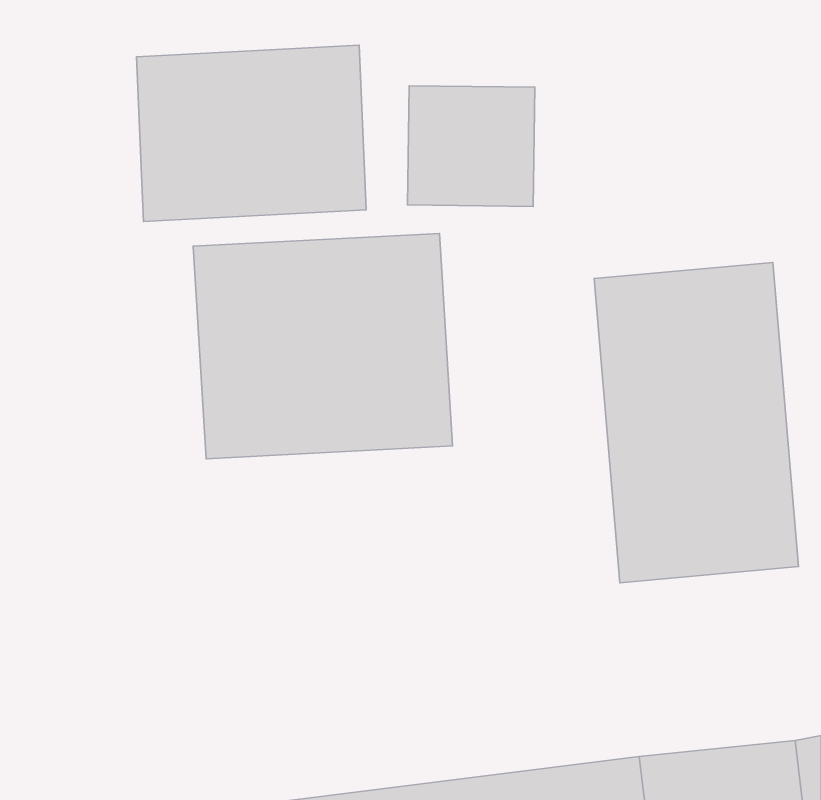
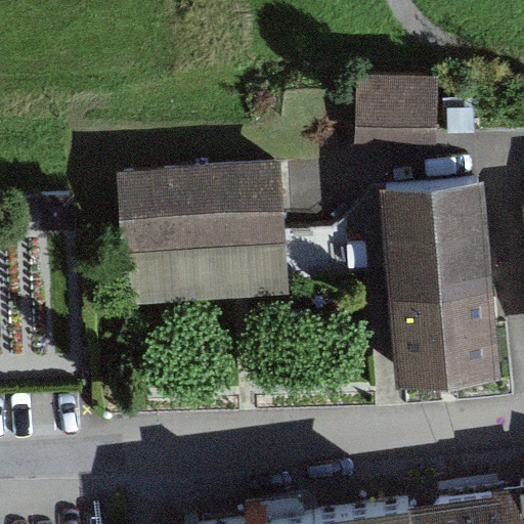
building: [137,45,366,221] -> none
building: [408,86,535,206] -> [355,91,436,168]

